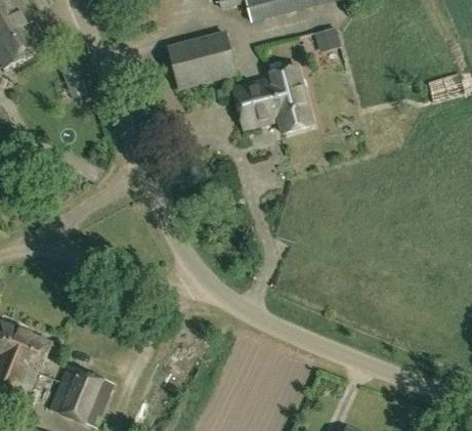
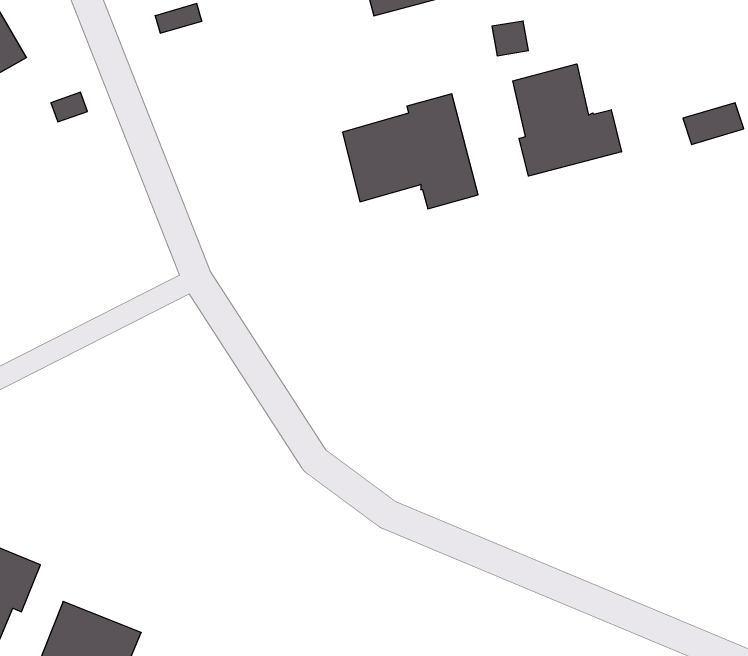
building: [168,31,237,86] -> none
building: none -> [513,64,621,176]

